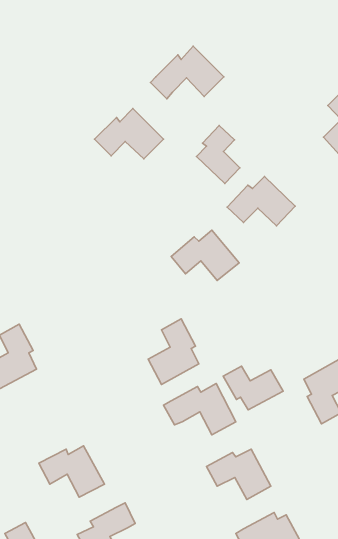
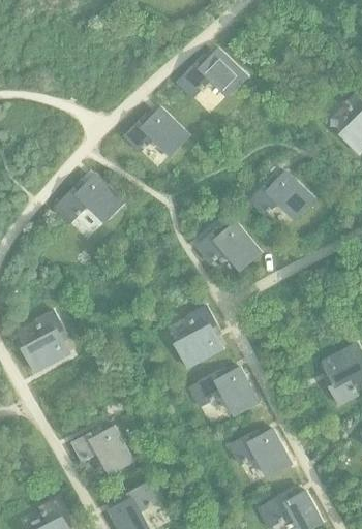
building: [196,125,240,184] -> none
building: none -> [54,175,123,224]
building: [223,366,283,410] -> none

